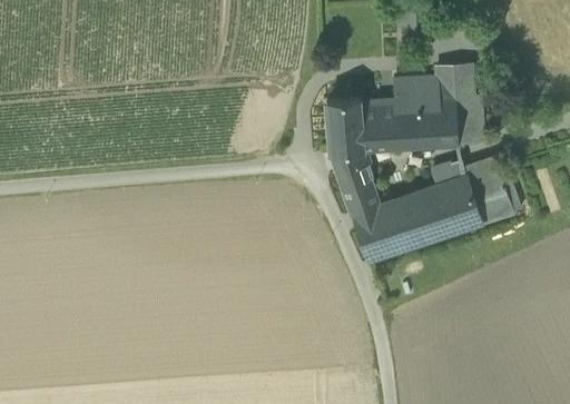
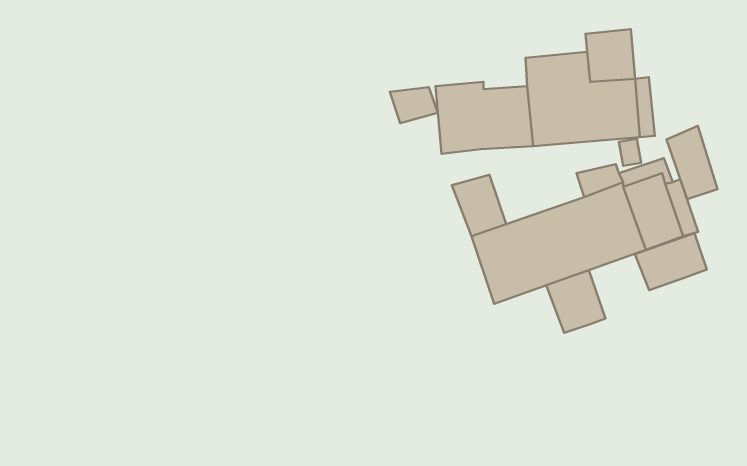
building: none -> [666,126,717,199]
building: [330,149,365,176] -> [390,87,438,123]
building: none -> [635,233,707,290]
building: none -> [546,270,606,333]

